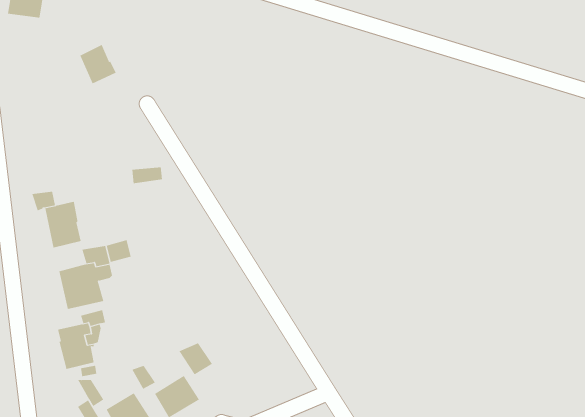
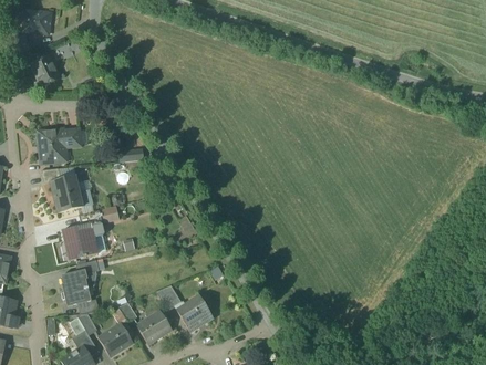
building: [79,44,117,84] -> [31,54,60,85]
building: none -> [38,128,80,163]
building: none -> [176,295,213,331]

